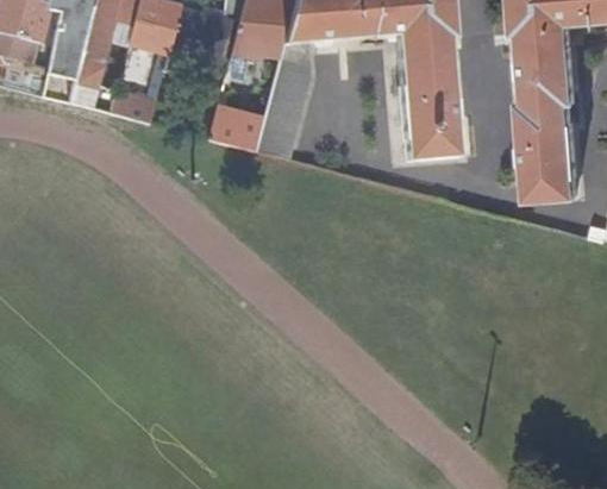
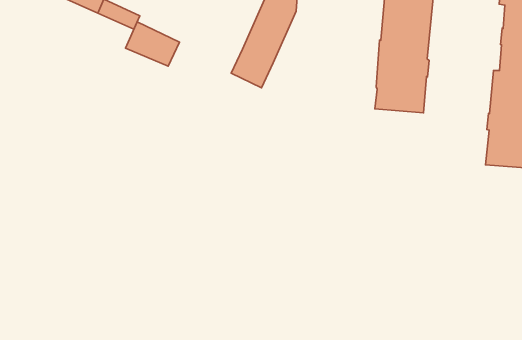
building: [208,109,262,149] -> [125,22,180,66]

